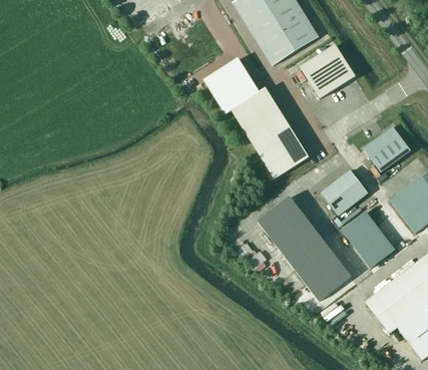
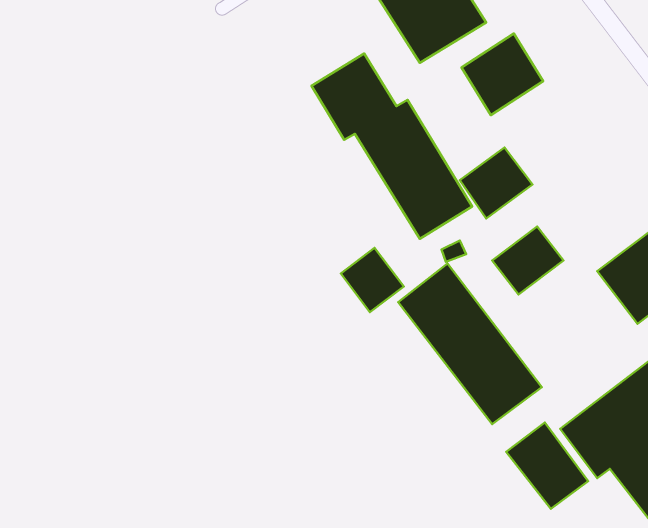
building: [363,126,410,172] -> [460,148,532,219]
building: none -> [341,248,404,312]
building: [341,212,394,268] -> [506,423,588,509]

